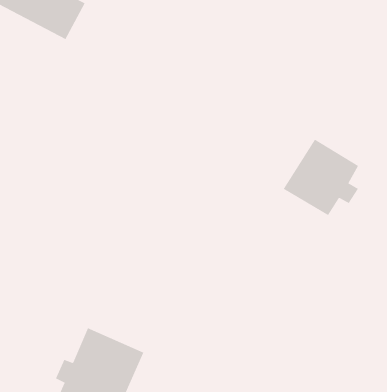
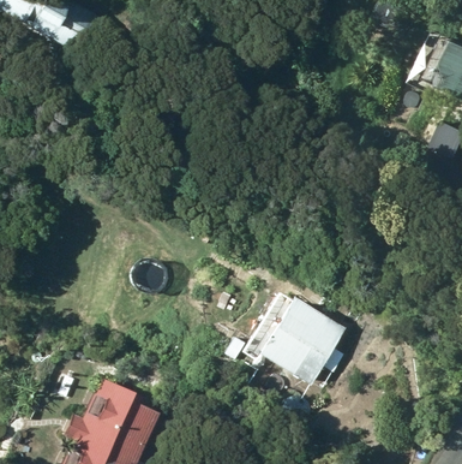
building: [283,139,359,216] -> [259,301,343,386]

